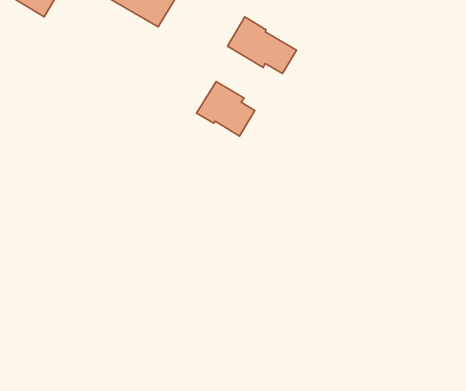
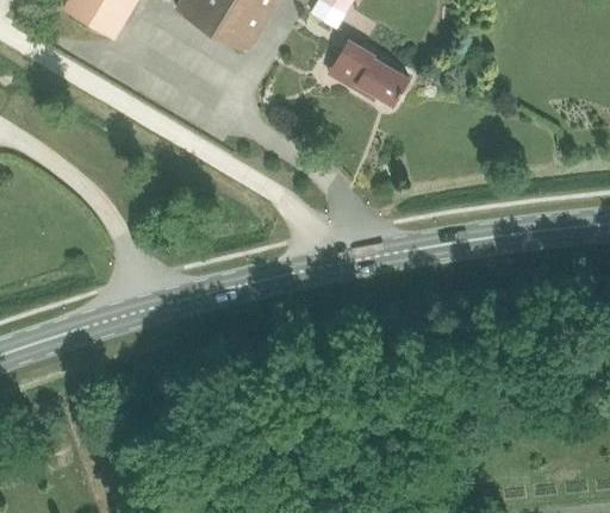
building: [197,81,255,136] -> none

